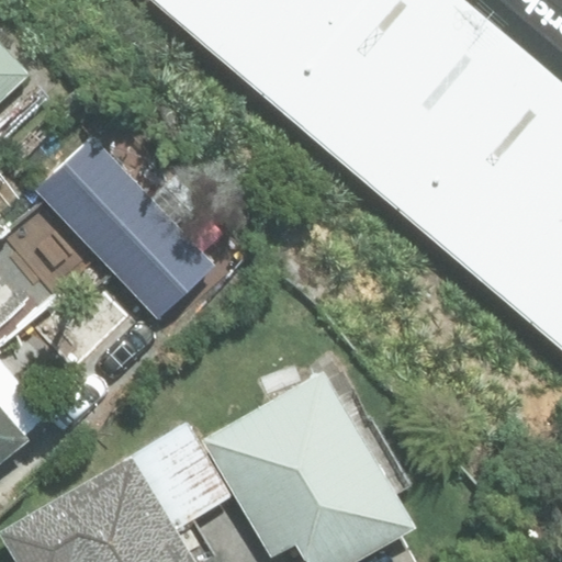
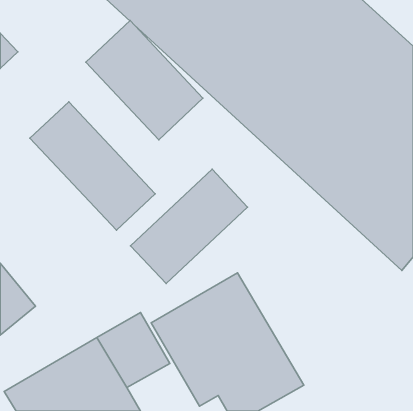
building: none -> [86,21,203,140]
building: none -> [130,169,248,284]

